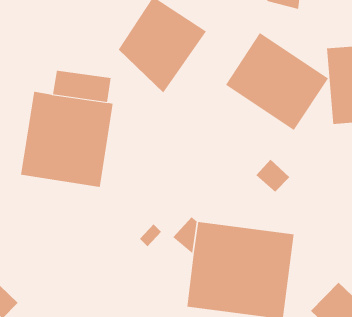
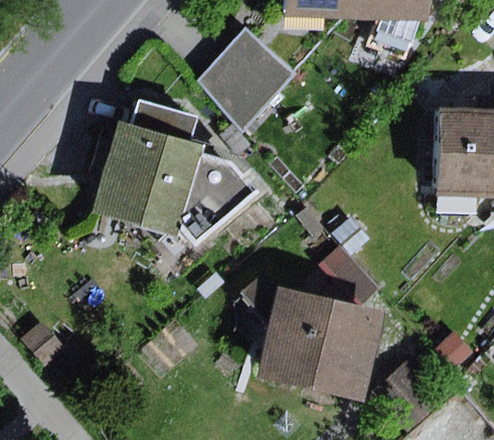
building: [225,32,329,131] -> none
building: none -> [169,150,244,243]

